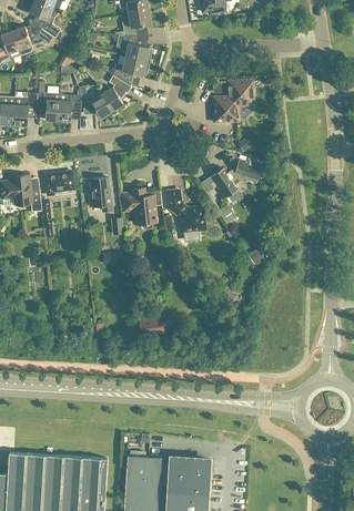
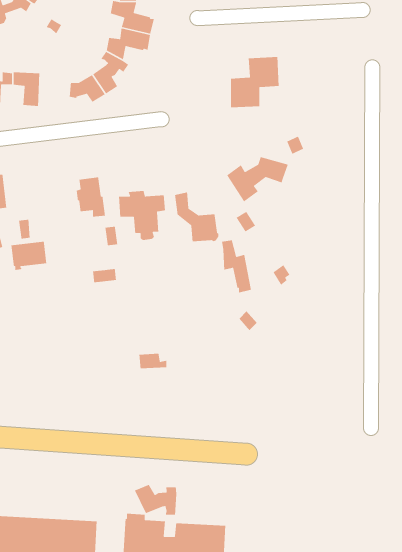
building: [58,93,81,121] -> none
building: [43,171,73,195] -> [10,241,47,271]
building: none -> [221,239,252,293]
building: none -> [134,484,177,515]

